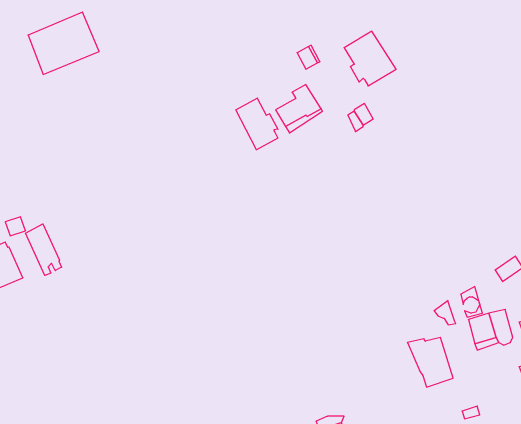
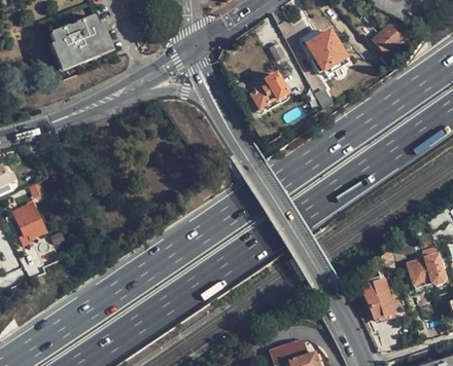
building: none -> [373,25,402,52]
building: [236,98,278,150] -> none
building: [26,224,62,275] -> none

